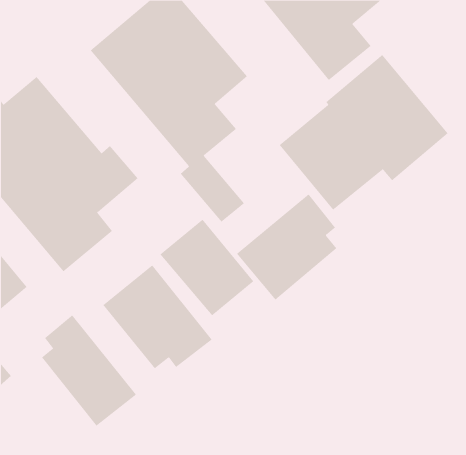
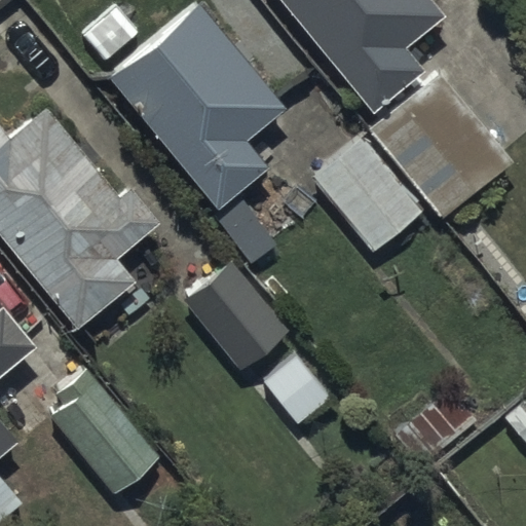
building: [236,194,337,300] -> none
building: [103,265,213,369] -> none

